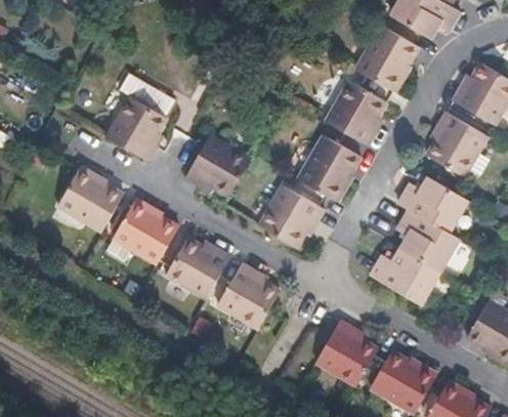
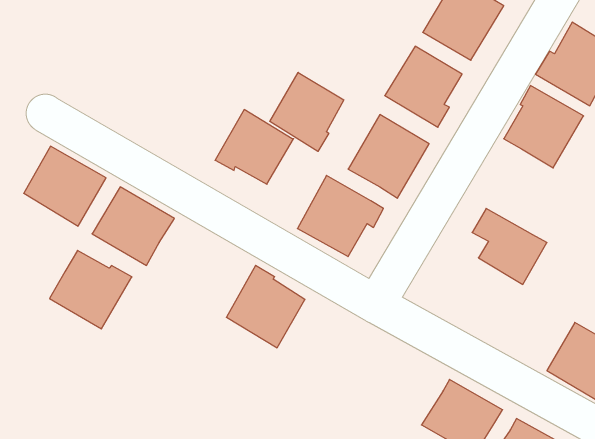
building: [111,87,173,154] -> none
building: none -> [270,72,344,151]
building: [399,178,465,231] -> none
building: [146,227,213,291] -> [50,250,132,329]
building: [371,249,439,303] -> none
building: [304,312,369,380] -> none

